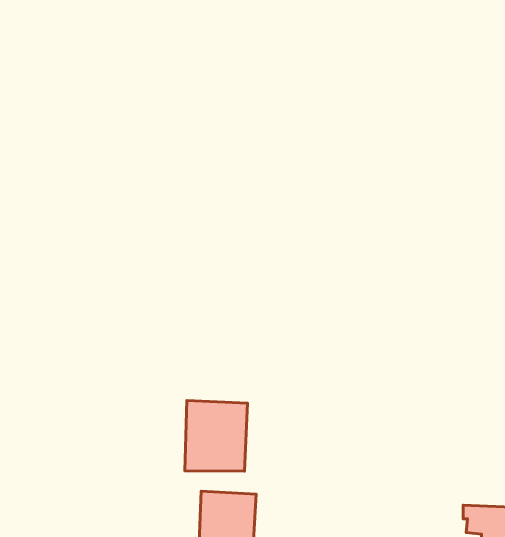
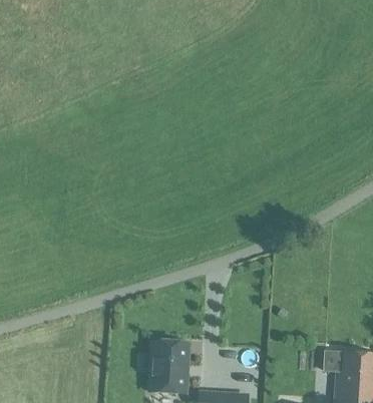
building: [185,401,248,471] -> none

